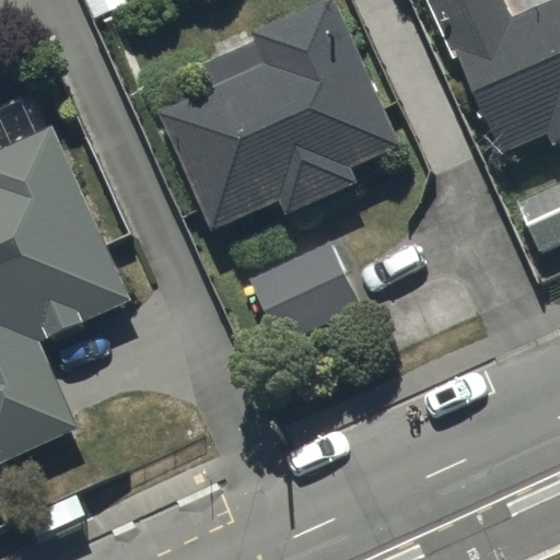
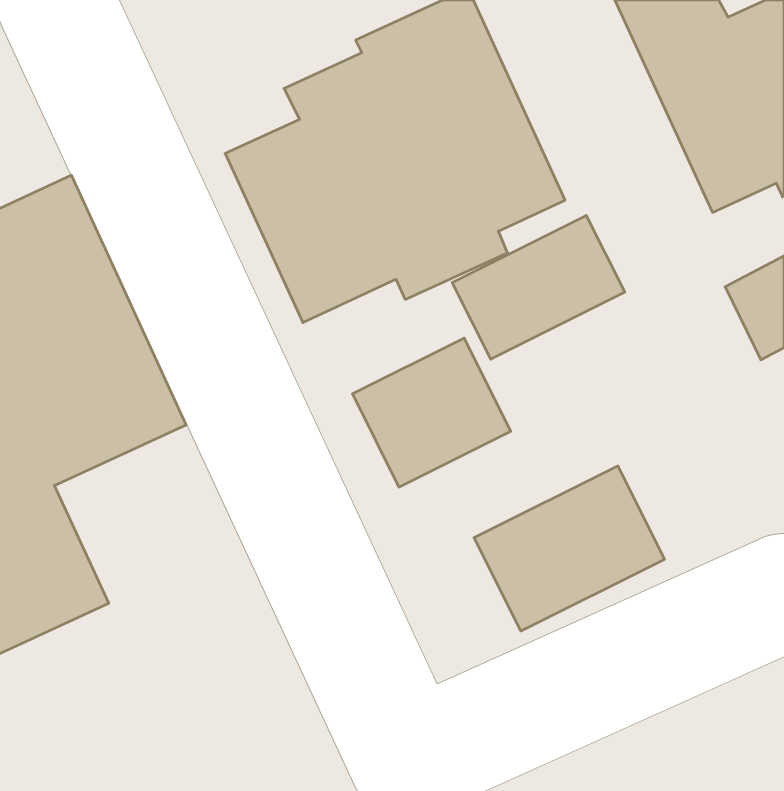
building: none -> [452,215,625,359]
building: none -> [474,466,664,631]

